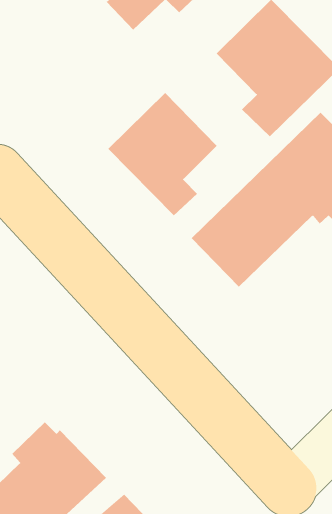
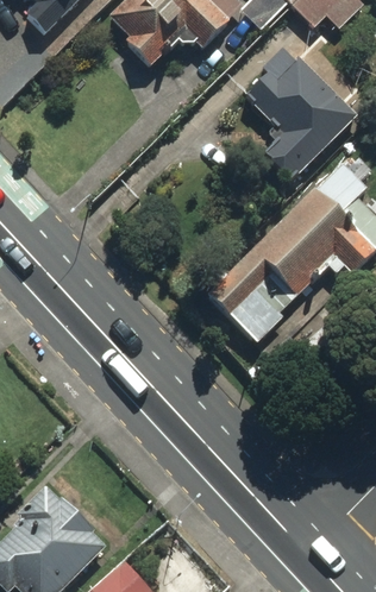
building: [108,92,217,216] -> none

